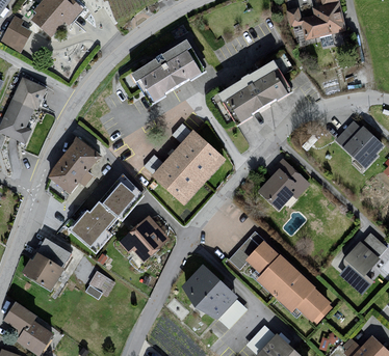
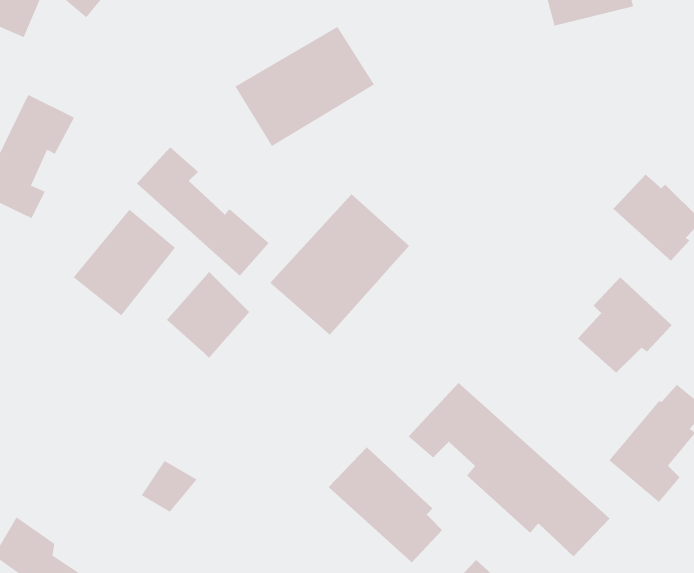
building: [221,60,291,125] -> none
building: none -> [136,146,270,277]
building: [258,156,309,208] -> [577,276,673,374]
building: [66,197,116,251] -> none
building: [118,216,168,261] -> none
building: [20,240,70,291] -> none

